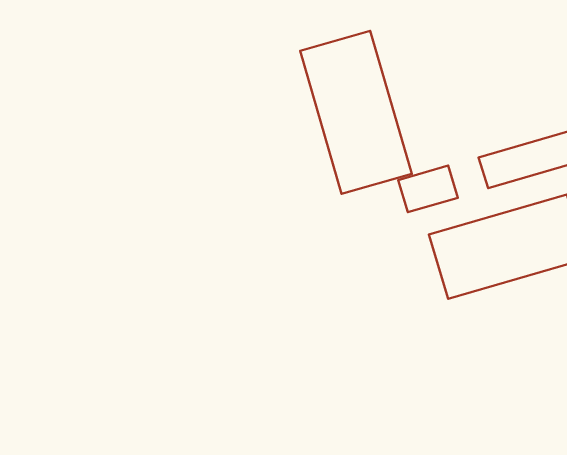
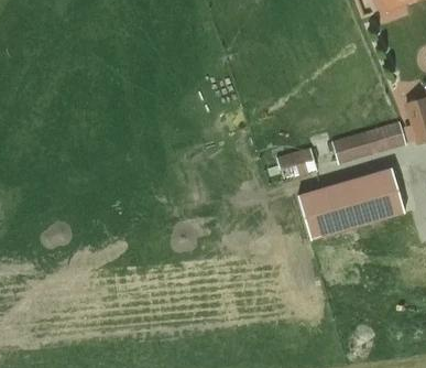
building: [300,31,412,194] -> none

